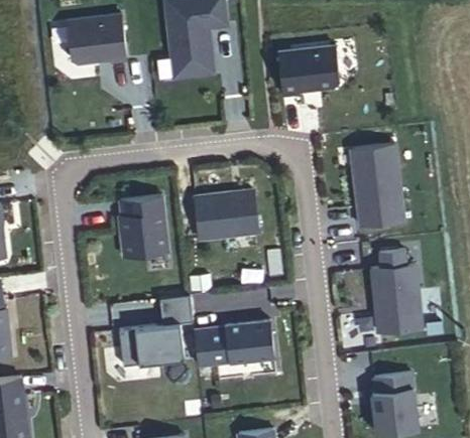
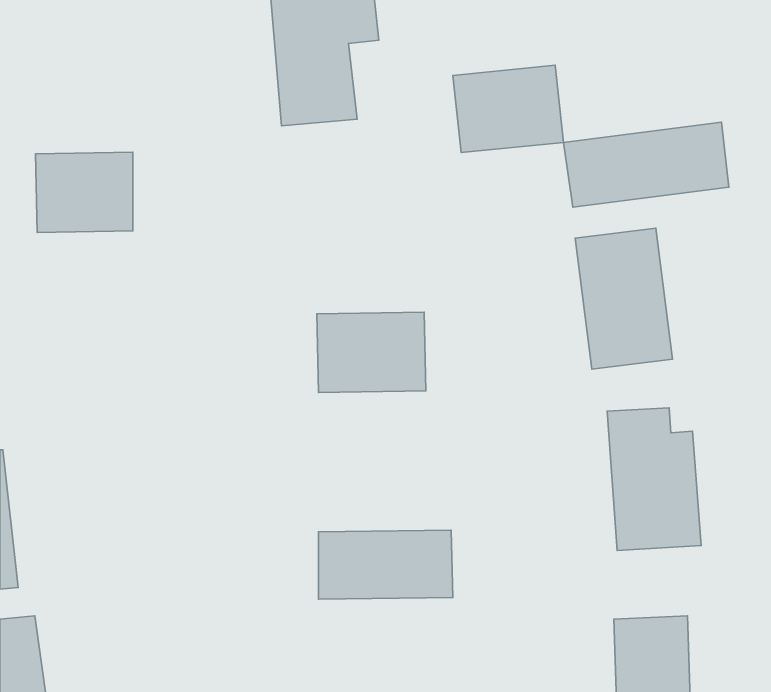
building: [67,17,125,65] -> [36,152,133,233]
building: none -> [563,122,729,207]
building: [118,195,166,254] -> none
building: [118,296,192,362] -> none

